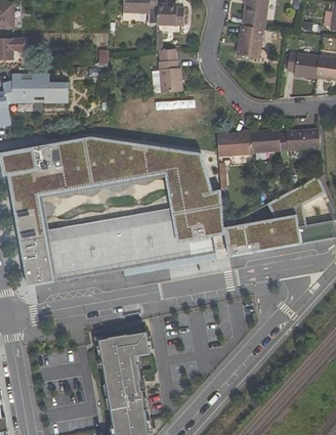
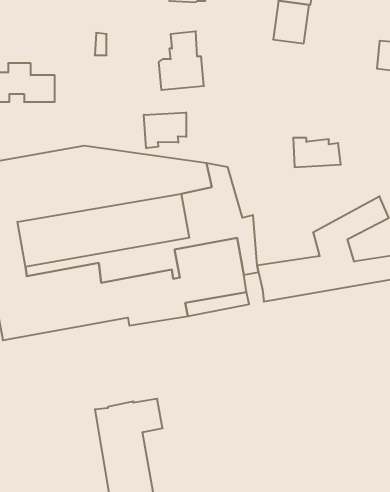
building: [286,52,317,78] -> none
building: none -> [144,112,186,148]
building: [285,129,319,150] -> none
building: [215,130,251,156] -> none

